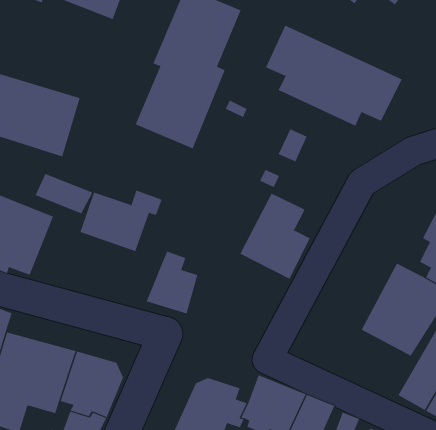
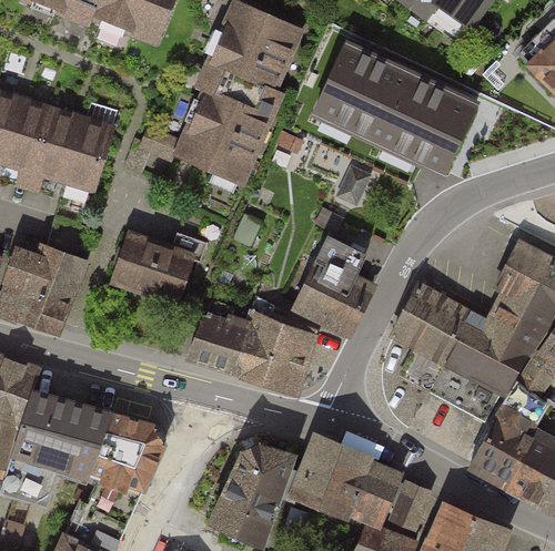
building: [35,173,93,214] -> none
building: none -> [395,286,471,390]
building: none -> [235,298,314,391]

